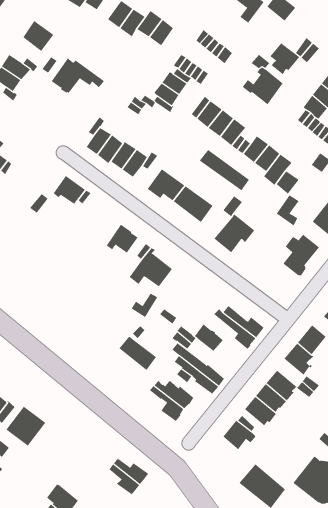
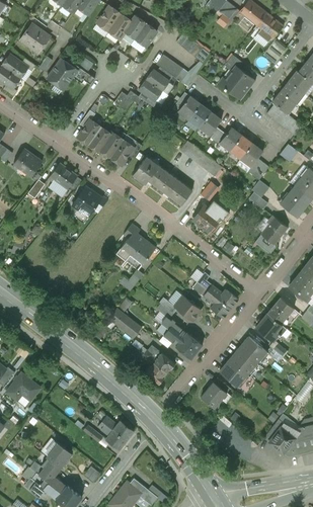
building: [270,42,300,75] -> [256,13,284,43]
building: none -> [13,149,43,177]
building: [106,224,139,253] -> [72,186,101,213]

